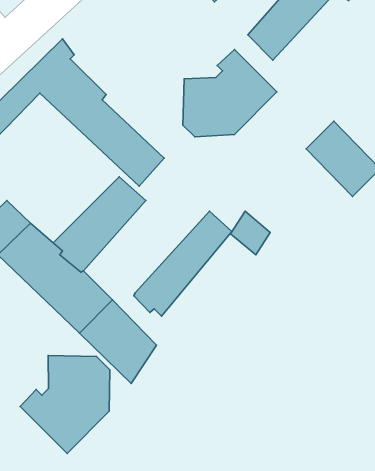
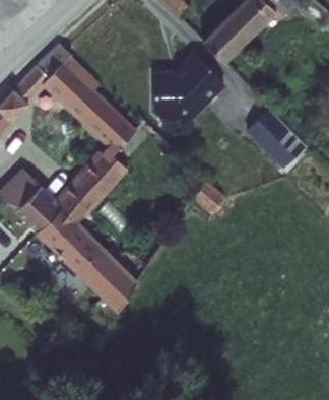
building: [134,211,232,316] -> none
building: [20,355,110,453] -> none

